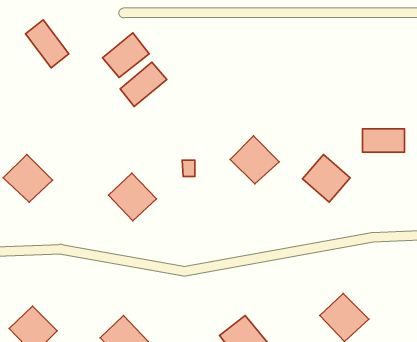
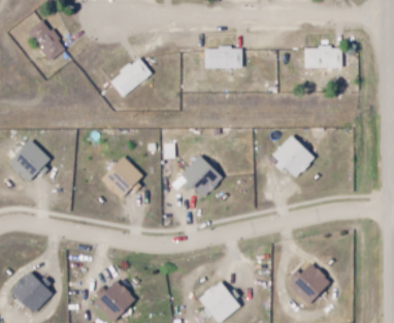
building: [103,33,149,77] -> none
building: none -> [203,47,240,67]
building: [363,129,405,152] -> [305,47,342,68]
building: [230,136,279,184] -> [179,155,223,197]

